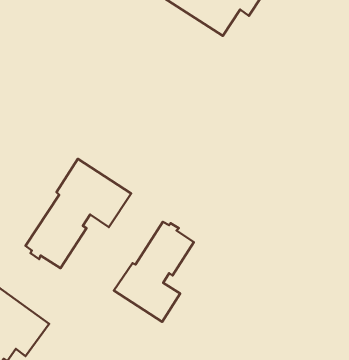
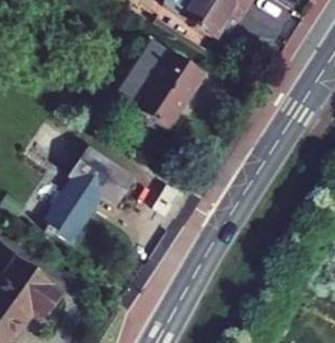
building: none -> [117,42,204,130]
building: [114,222,194,322] -> none

